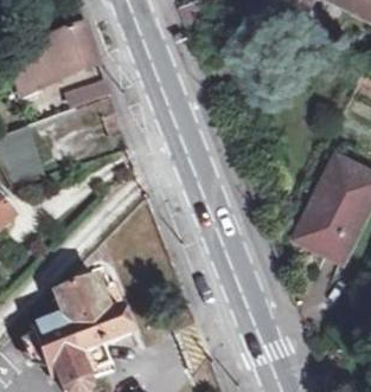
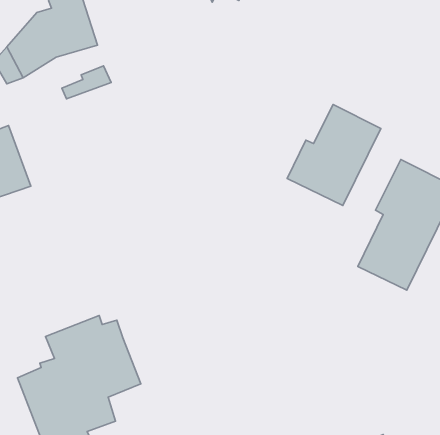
building: none -> [287,105,381,206]

